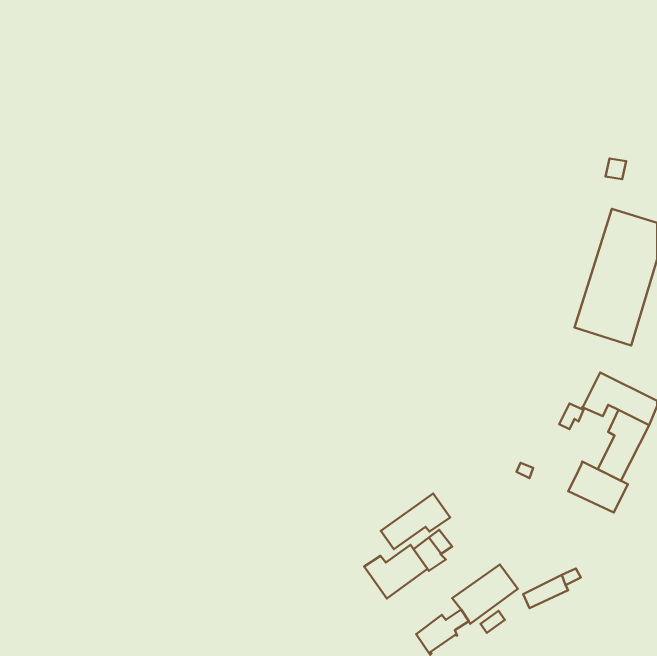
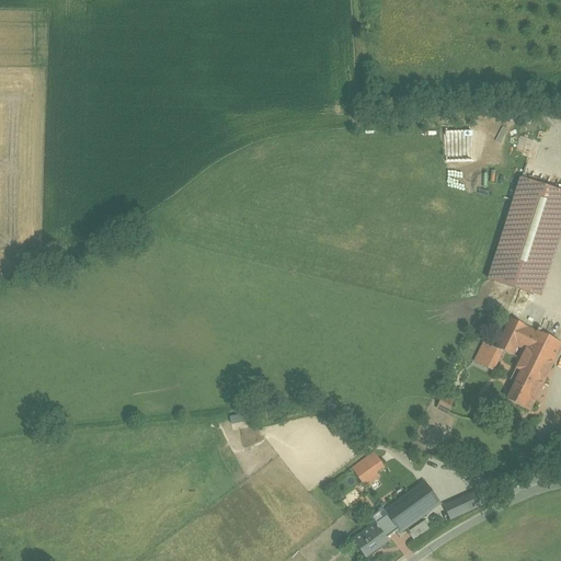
building: [568,461,628,513] -> none
building: [381,493,450,549] -> none
building: [364,545,428,599] -> none

